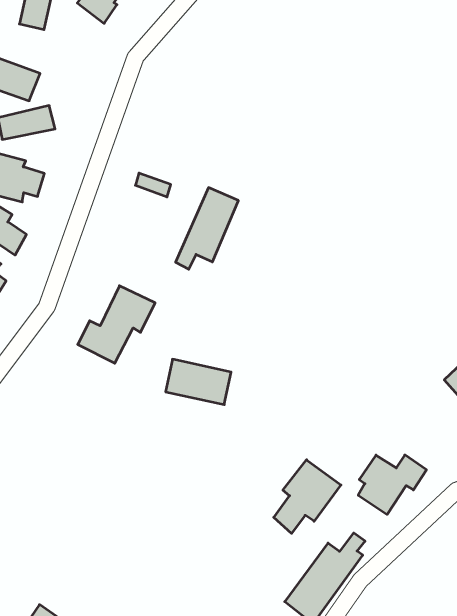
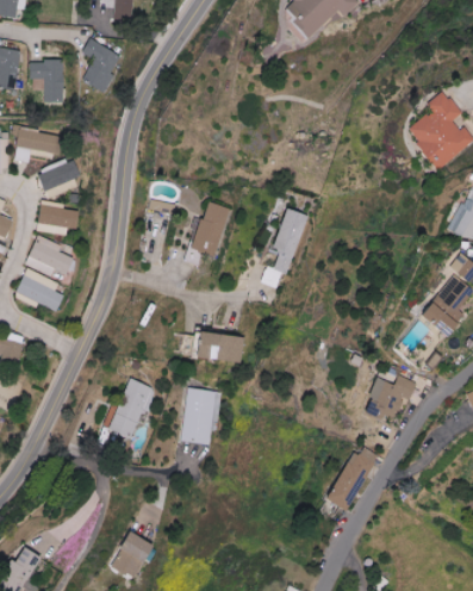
building: none -> [270,209,307,274]
building: [78,286,155,363] -> [104,379,156,437]
building: none -> [183,388,219,443]
building: [274,460,341,533] -> none

